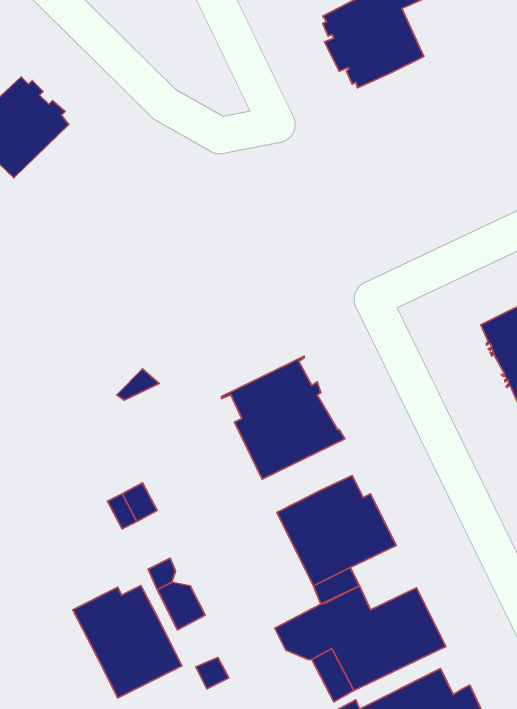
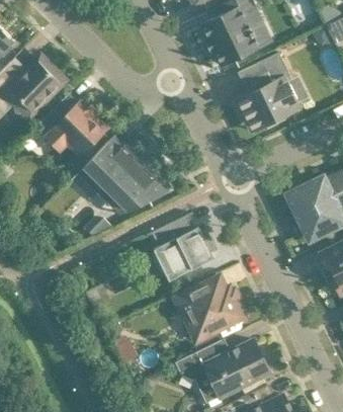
building: none -> [237,53,299,132]
building: none -> [36,101,108,156]
building: none -> [85,139,167,211]
building: [73,586,182,698] -> none

